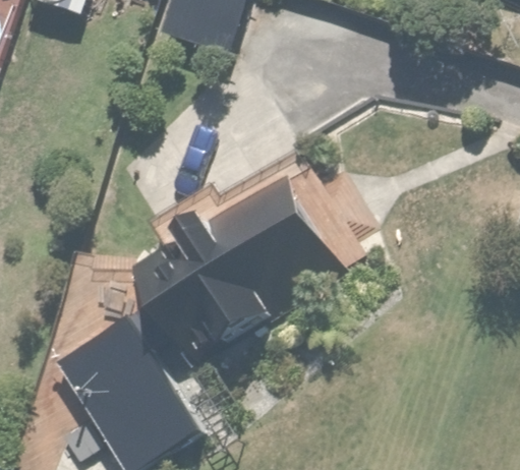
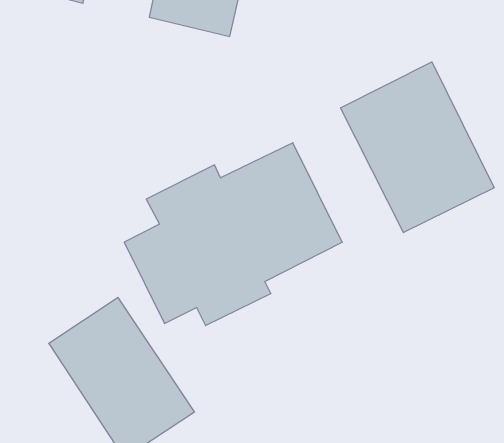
building: none -> [341,62,494,233]

